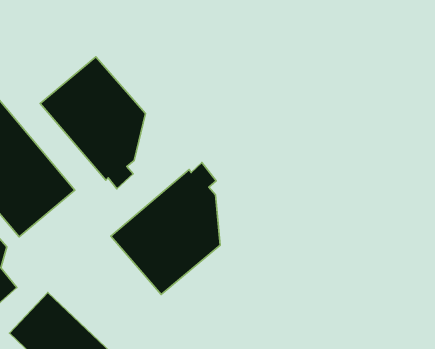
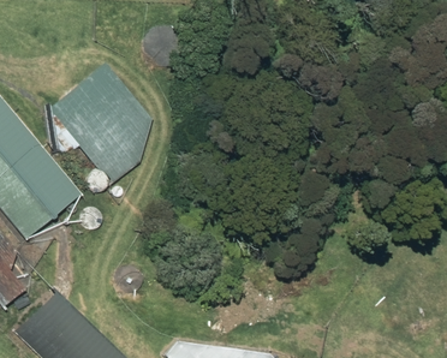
building: [111,163,220,294] -> none

